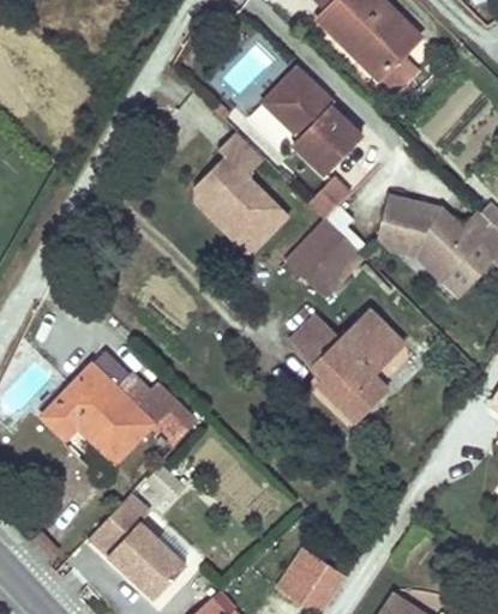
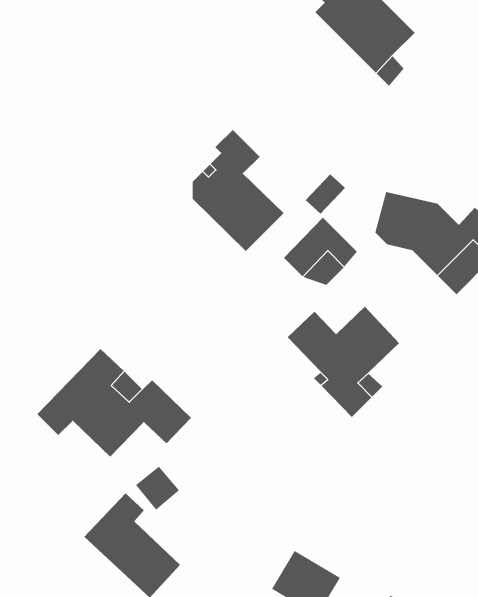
building: [263,66,361,173] -> none

